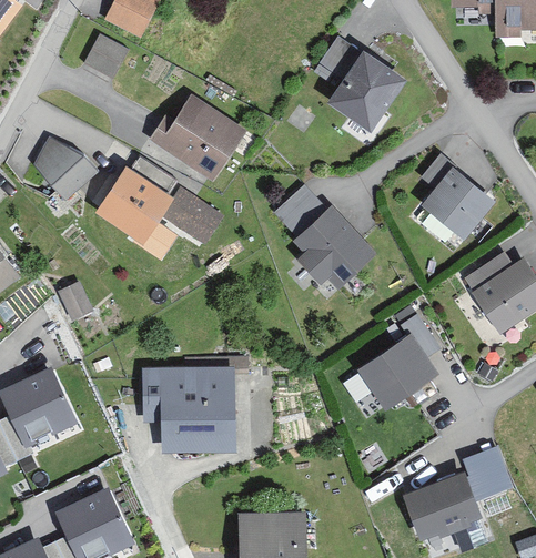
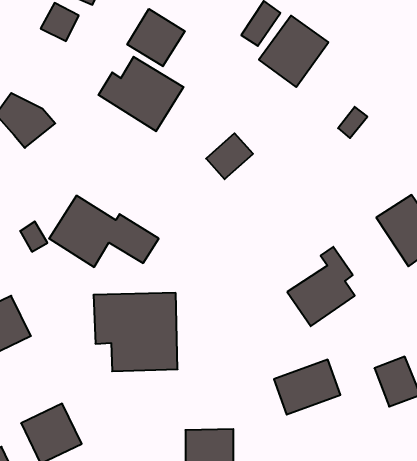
building: none -> [127,9,185,66]
building: [97,166,221,247] -> [49,196,159,267]
building: [423,169,496,241] -> none
building: [293,204,378,286] -> none
building: [405,474,481,536] -> [274,360,340,415]

